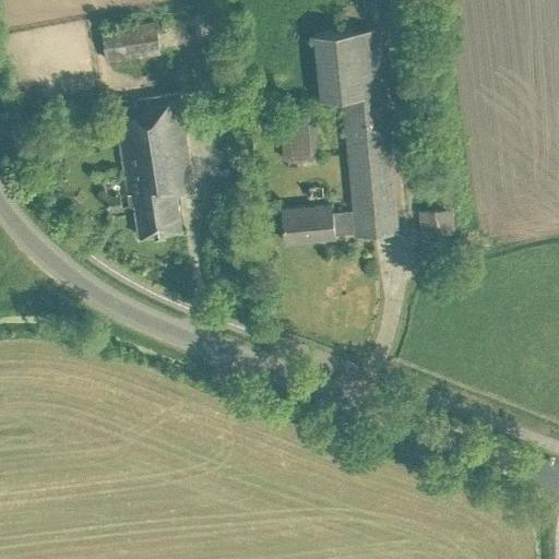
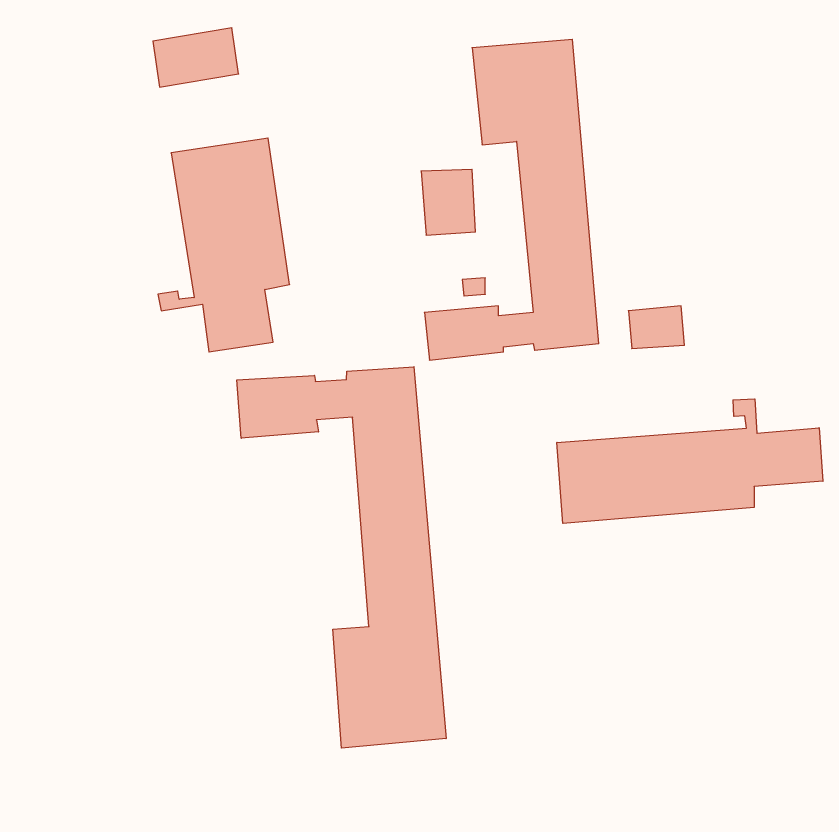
building: none -> [237,367,446,748]
building: none -> [557,399,823,523]

